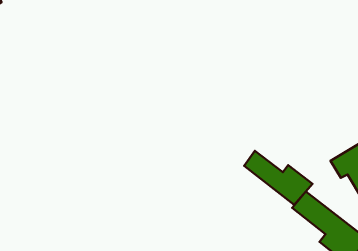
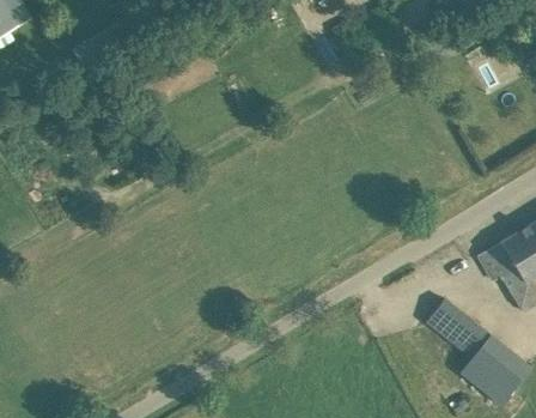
building: [244,151,312,205] -> none

